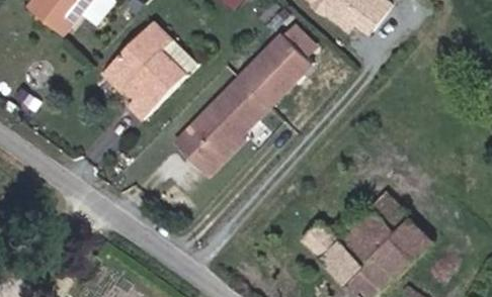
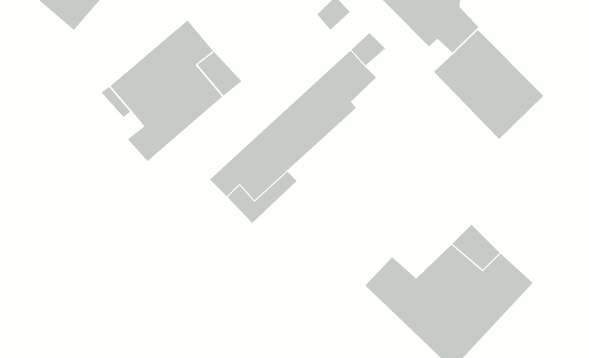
building: none -> [433,29,544,140]

